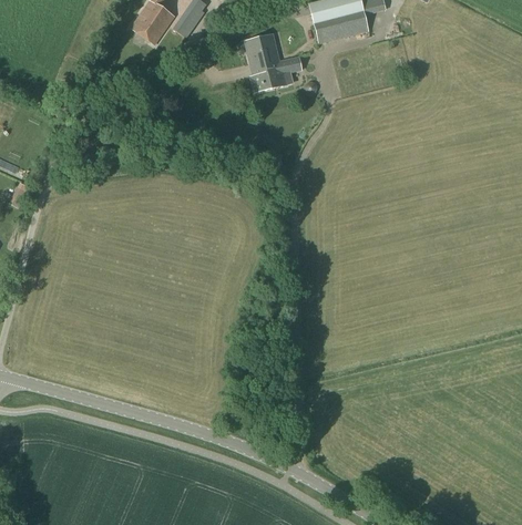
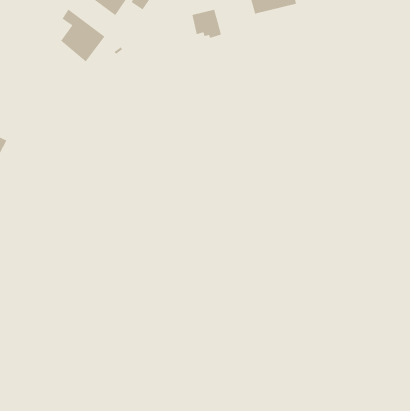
building: none -> [60,8,106,63]
building: [252,56,301,91] -> none

